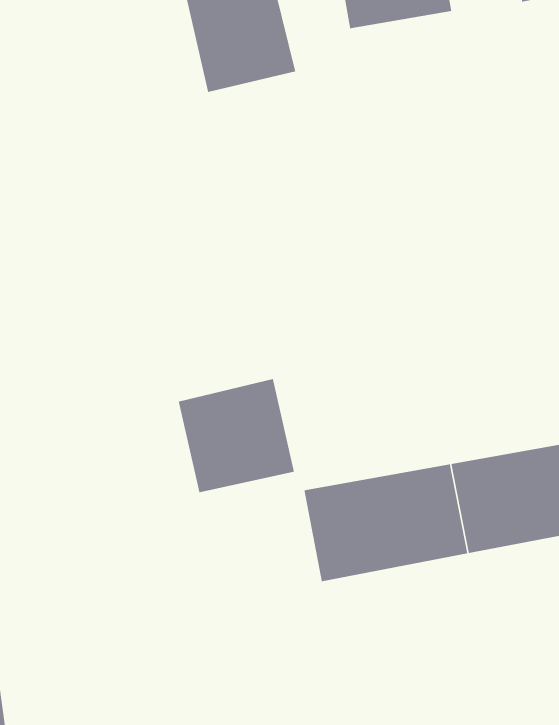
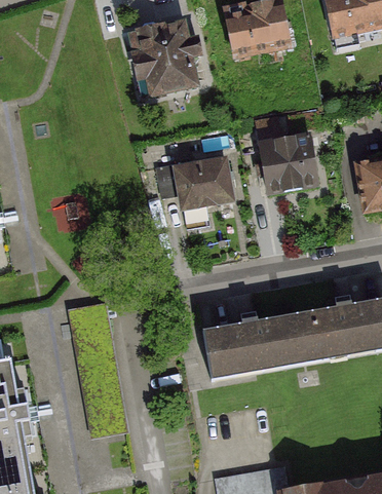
building: none -> [254,125,321,197]
building: [178,378,295,493] -> [170,153,238,220]

